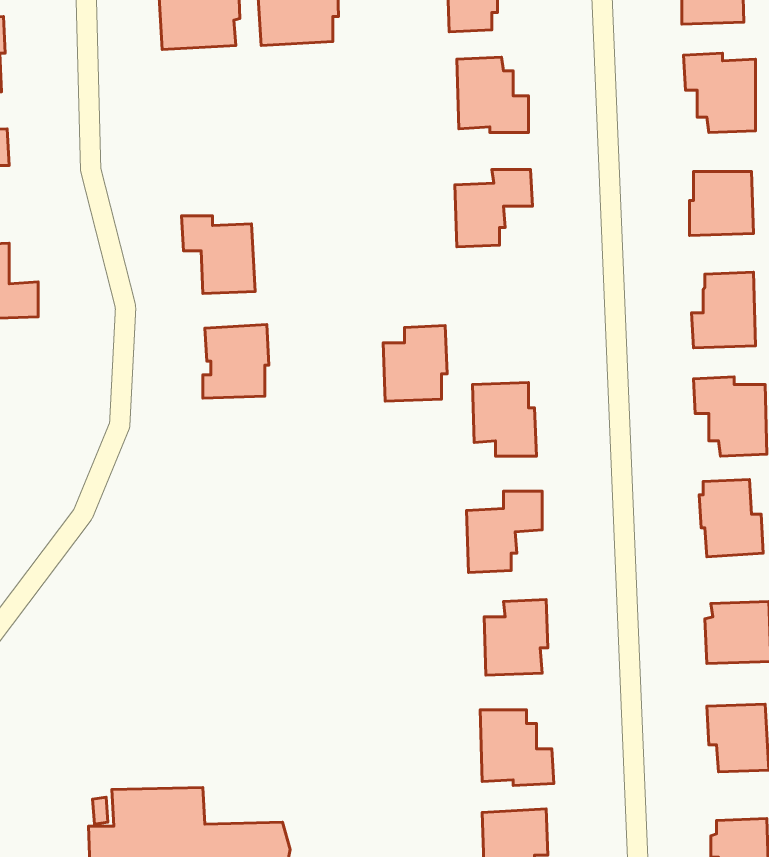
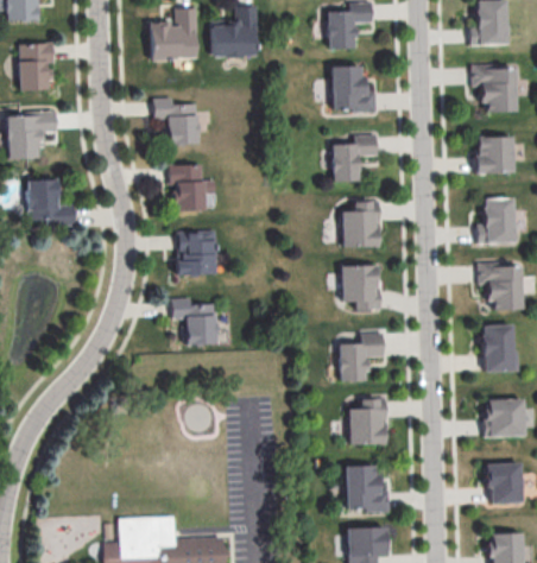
building: none -> [153,96,198,145]
building: [383,325,447,401] -> [341,200,380,246]
building: none -> [173,297,217,344]

